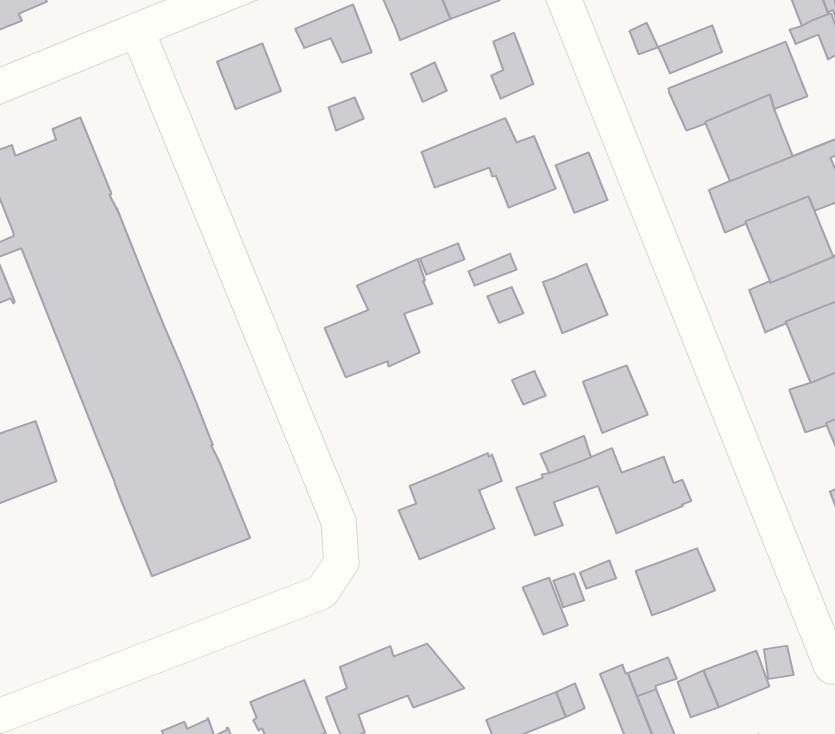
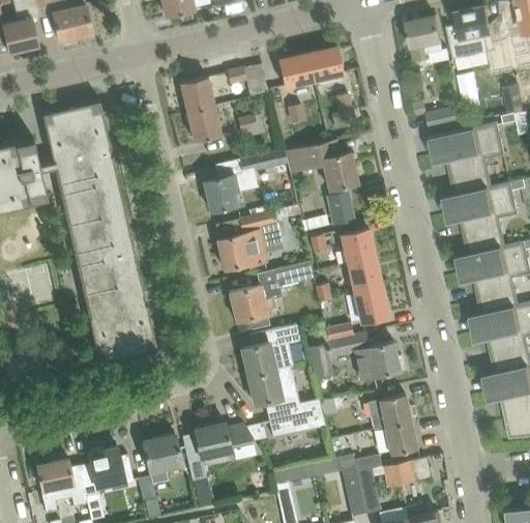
building: none -> [186,105,219,141]
building: none -> [203,149,288,212]
building: [555,153,608,213] -> [327,193,353,225]
building: none -> [348,258,381,293]
building: none -> [229,260,316,322]
building: none -> [248,367,300,437]
building: none -> [383,420,416,456]

